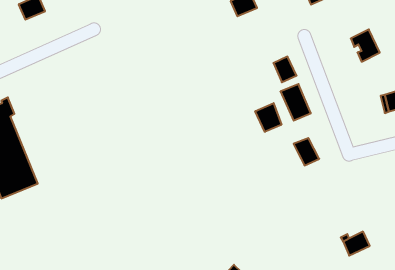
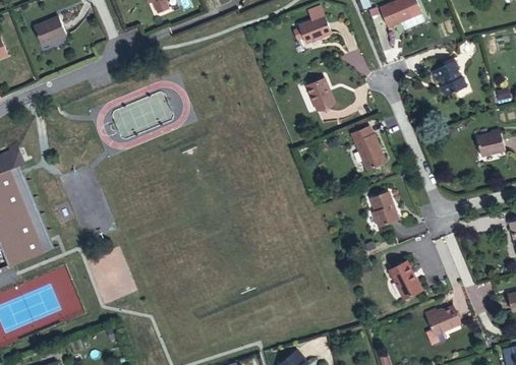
building: [273,57,297,82] -> [308,81,337,113]
building: [255,103,281,132] -> none
building: none -> [387,264,419,302]

